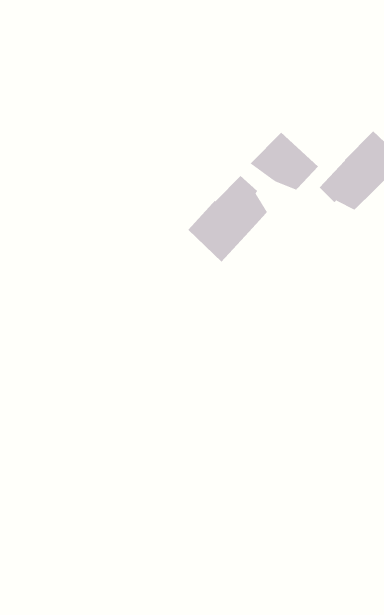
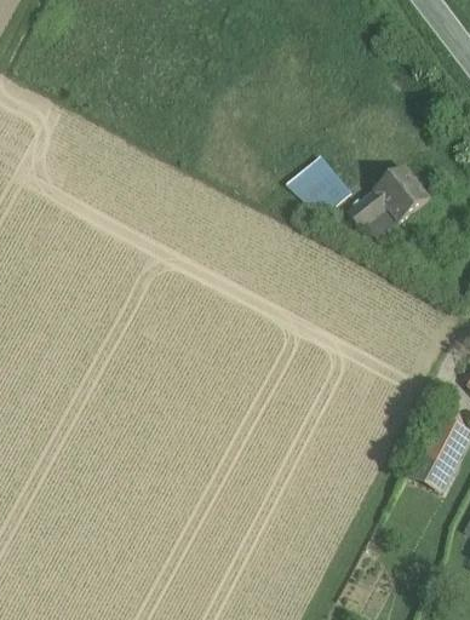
building: [187,175,268,263] -> none

